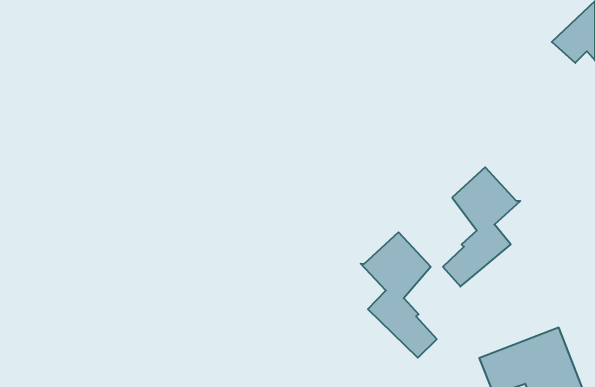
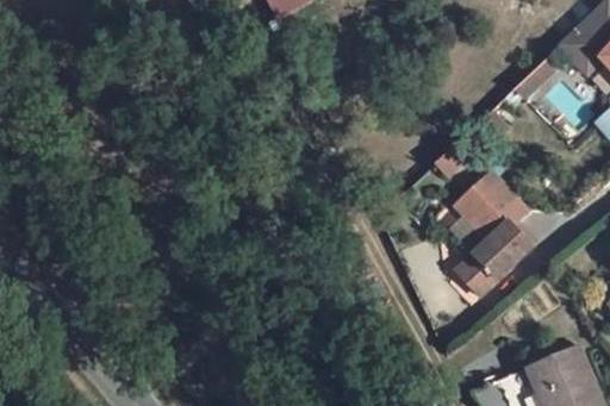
building: [361,232,437,358] -> none

